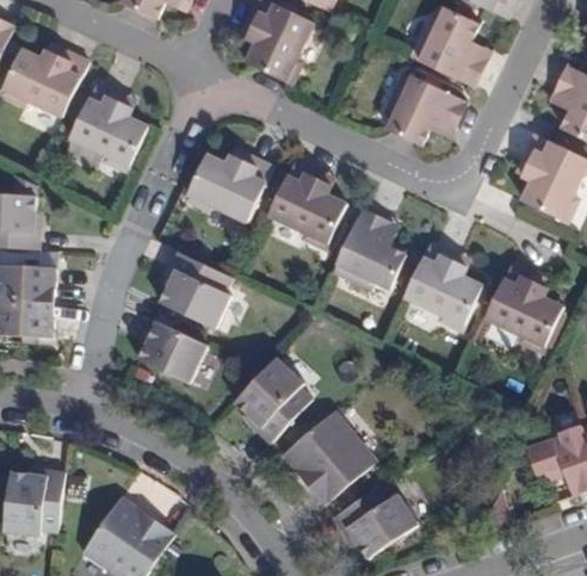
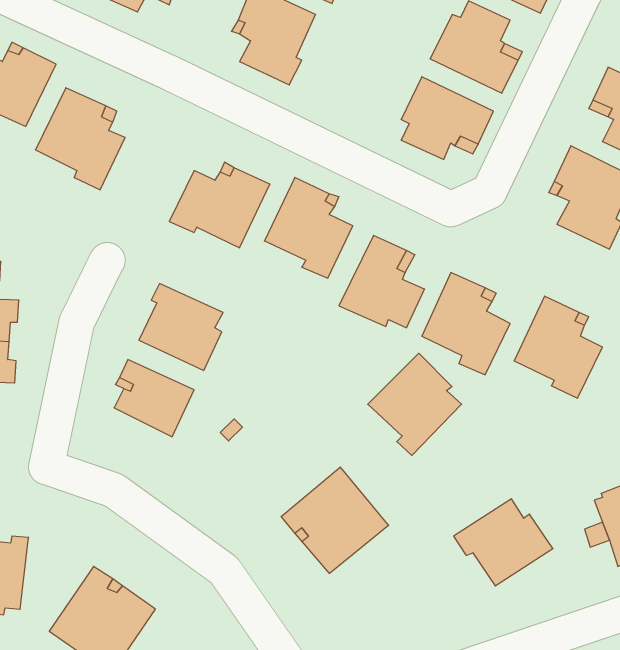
building: [231,354,313,442] -> [368,353,462,455]
building: [332,481,418,556] -> [454,499,553,586]

